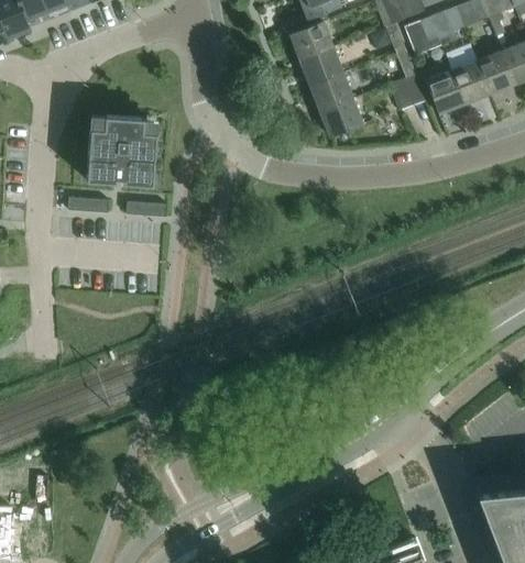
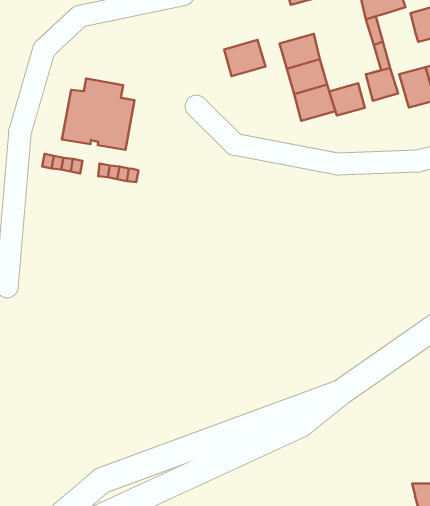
building: [405,16,441,55] -> none
building: [289,21,333,60] -> [224,40,266,76]
building: none -> [329,83,365,115]

